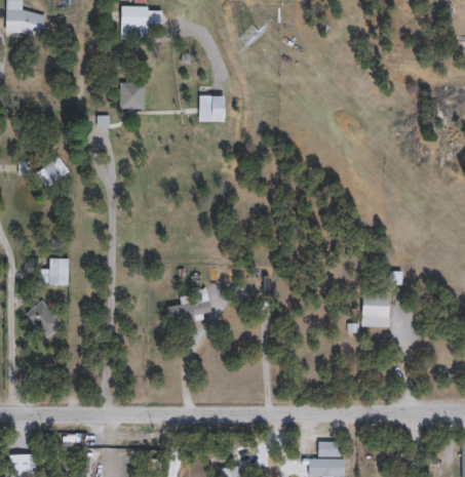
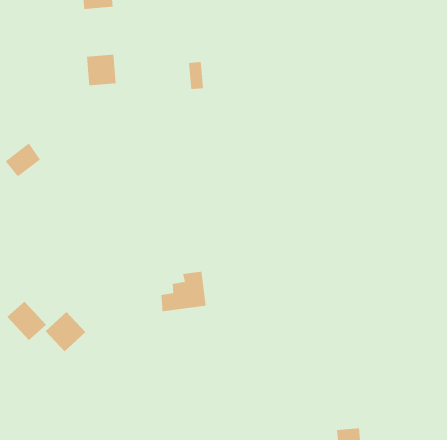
building: [48,259,69,284] -> none
building: [361,294,387,326] -> none
building: none -> [45,311,86,352]

